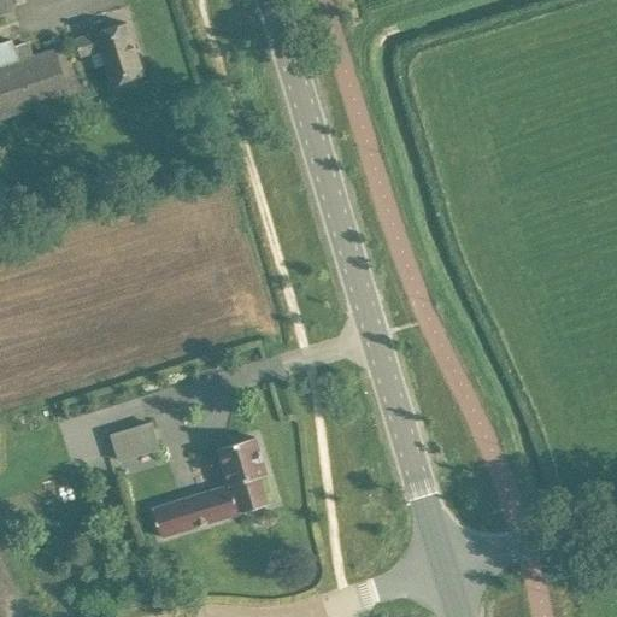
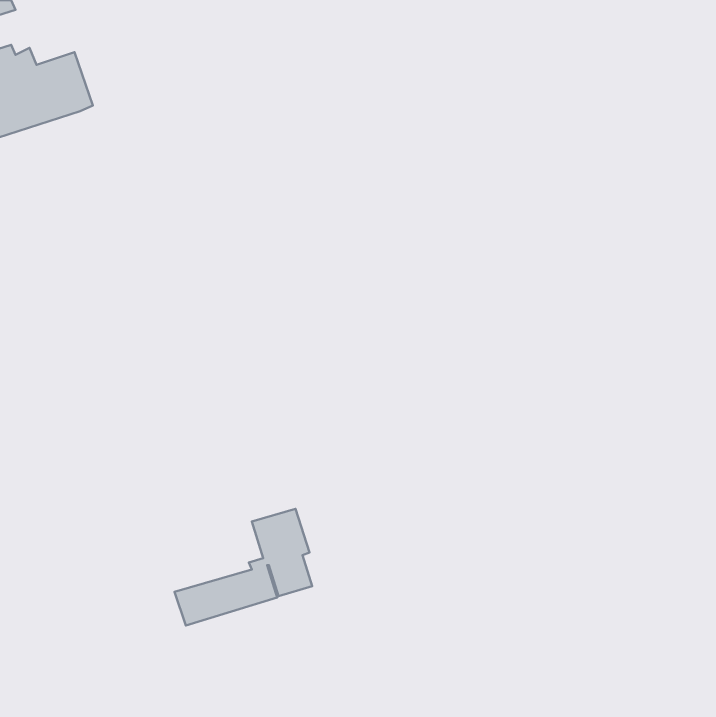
building: [74,23,142,87] -> none
building: [110,423,157,462] -> none

